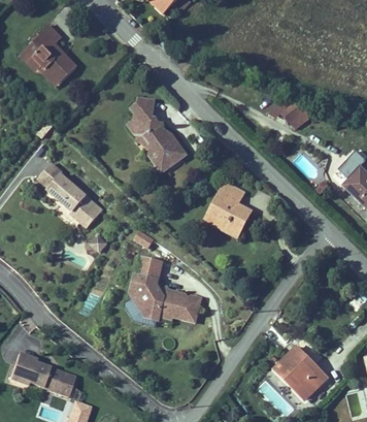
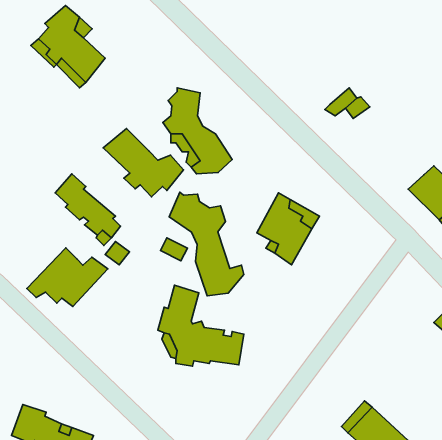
building: none -> [103,129,183,197]
building: none -> [169,192,244,296]
building: none -> [27,248,108,306]

